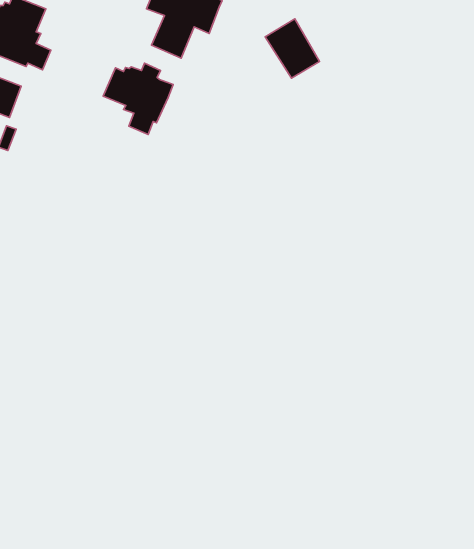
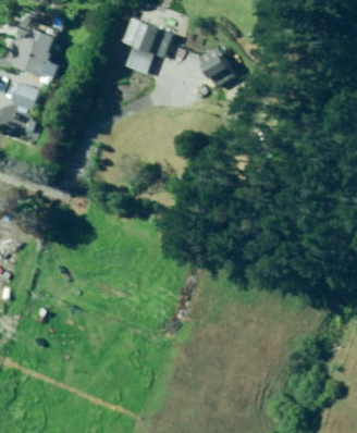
building: [103,63,173,135] -> none

